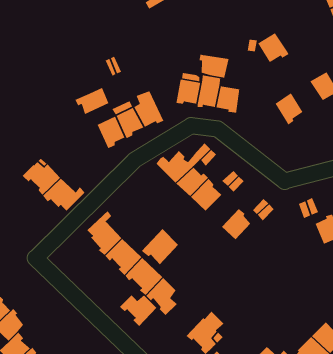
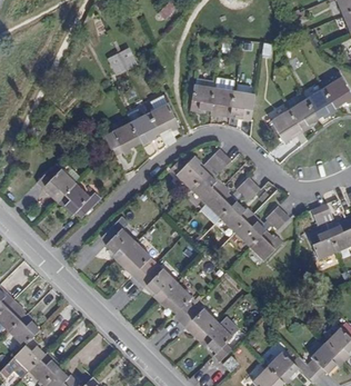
building: [257,32,290,63] -> [305,87,338,118]
building: [199,54,230,79] -> none
building: [74,87,110,115] -> none
building: none -> [271,109,301,142]
building: none -> [220,200,253,232]
building: none -> [250,229,283,260]
building: none -> [308,229,338,258]
building: [141,228,179,265] -> none
building: [119,294,157,327] -> [180,309,218,342]

